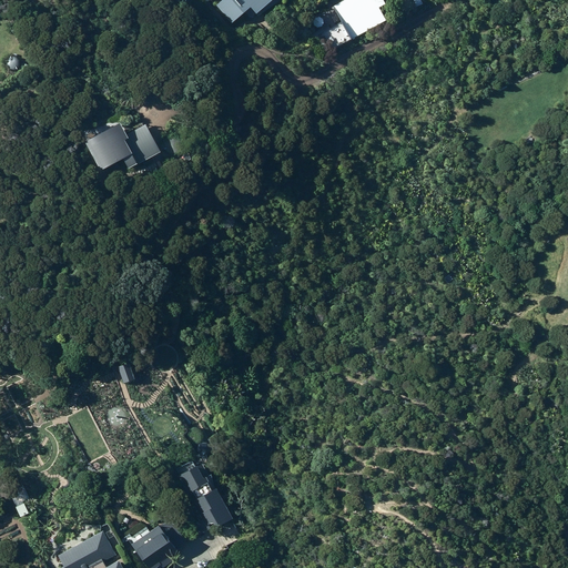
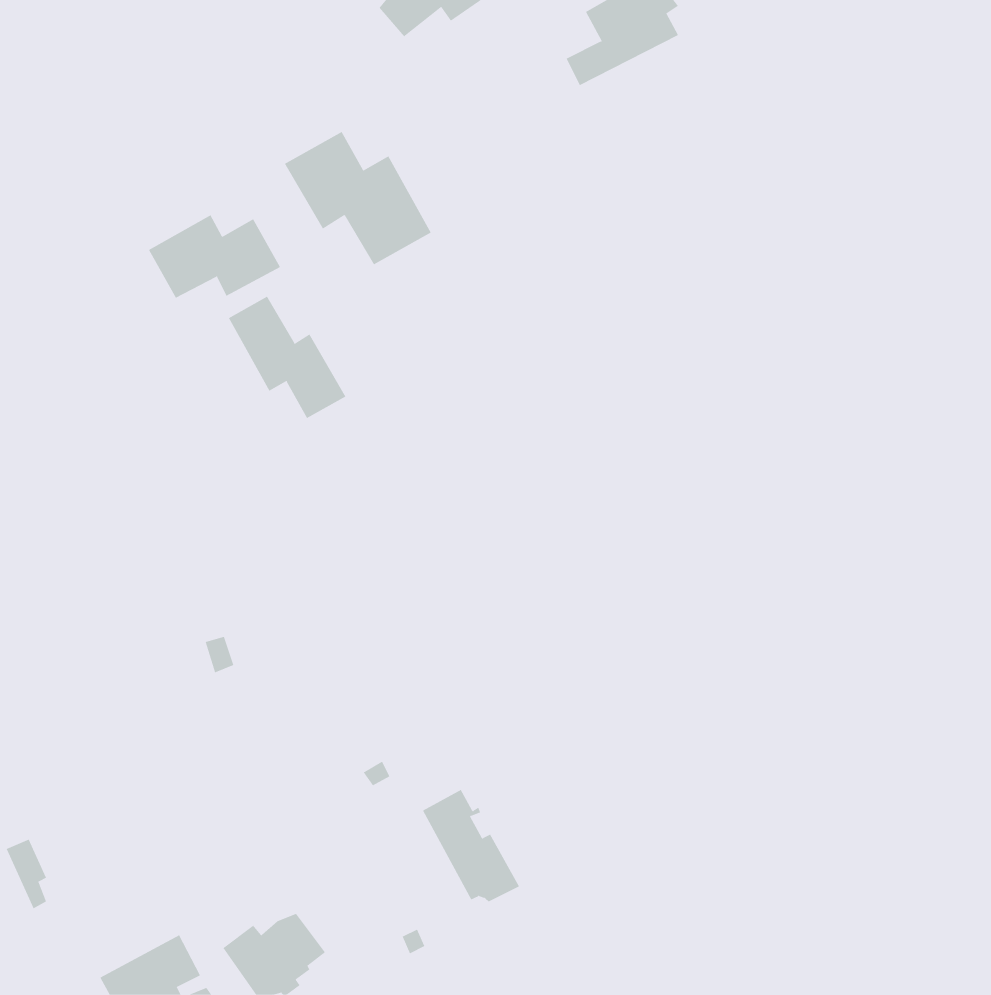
building: none -> [284,131,432,265]
building: none -> [228,296,346,419]
building: [179,464,234,528] -> [422,789,520,902]

